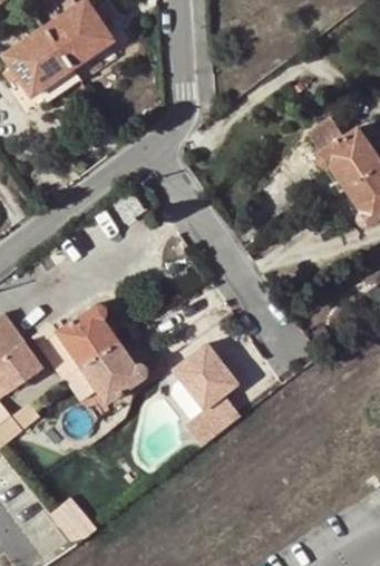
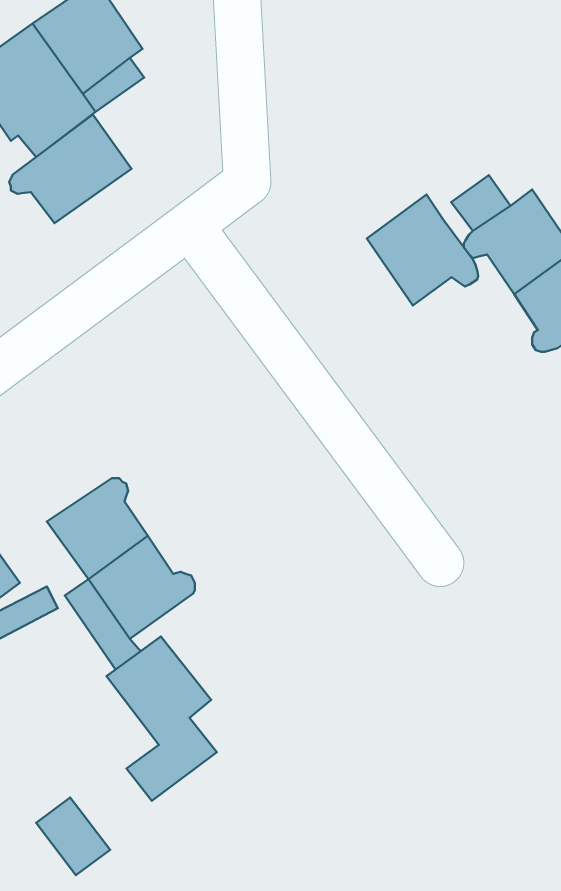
building: none -> [9,115,131,223]
building: none -> [367,195,478,306]
building: [176,343,244,445] -> [107,637,217,801]

